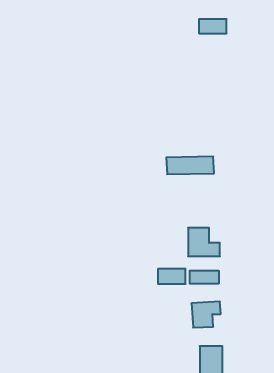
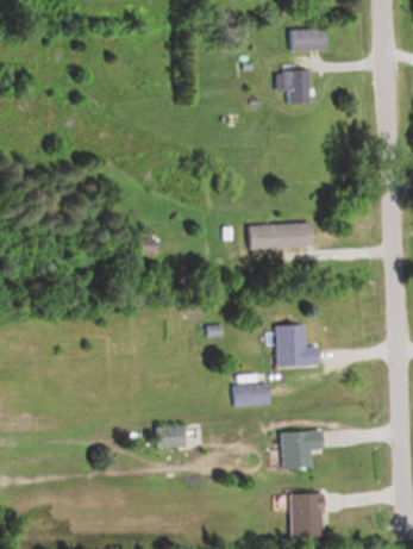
building: none -> [283,71,315,104]
building: [190,271,219,284] -> none
building: none -> [154,426,188,447]

